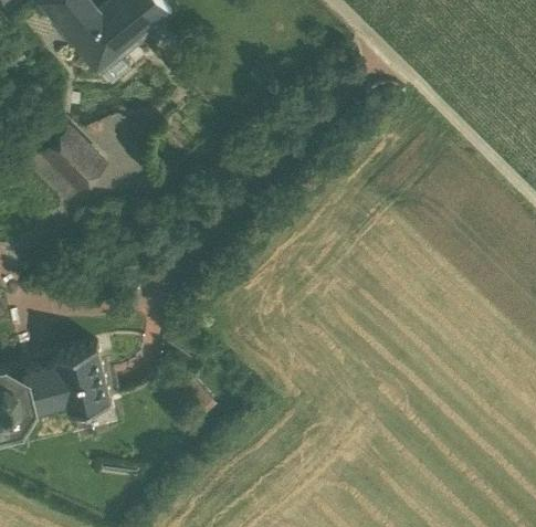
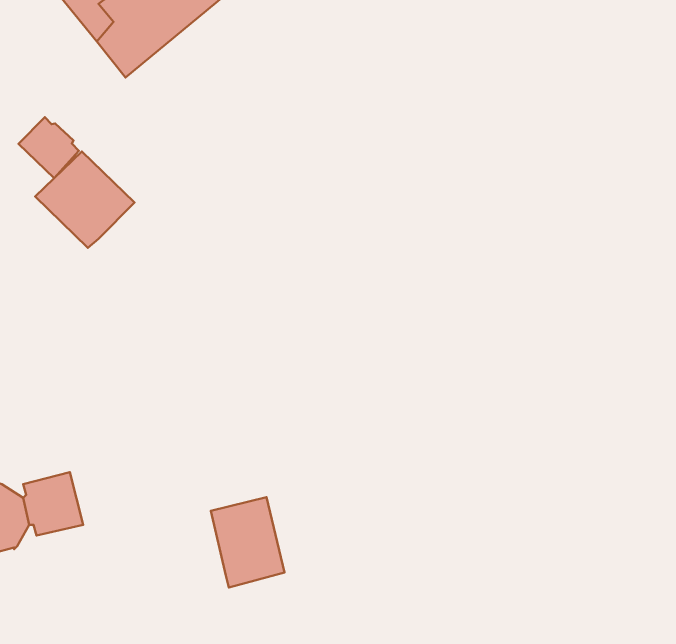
building: none -> [19,117,79,178]
building: [56,345,111,411] -> [211,497,285,588]

